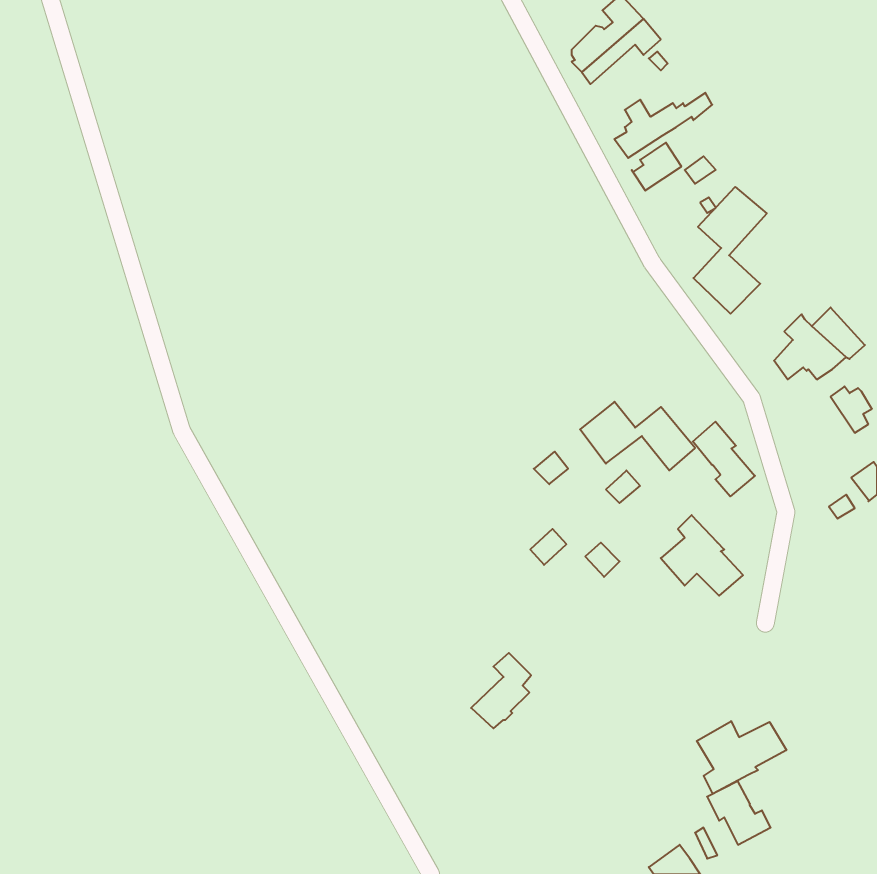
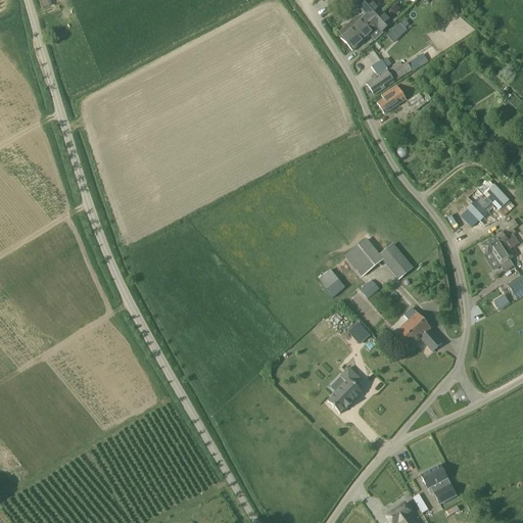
building: [693,187,767,314] -> none
building: none -> [482,236,514,271]
building: [693,422,755,496] -> none
building: [471,653,531,728] -> [328,365,364,410]
building: [697,721,786,794] -> none

